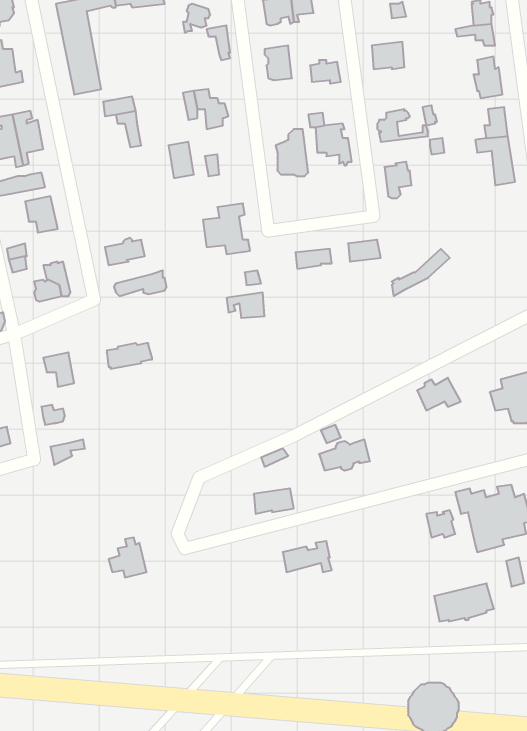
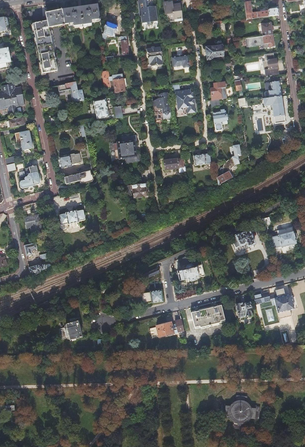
building: [434,583,494,621] -> [192,305,225,326]

